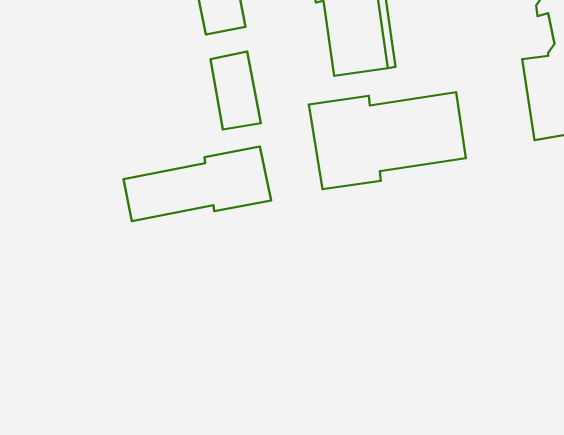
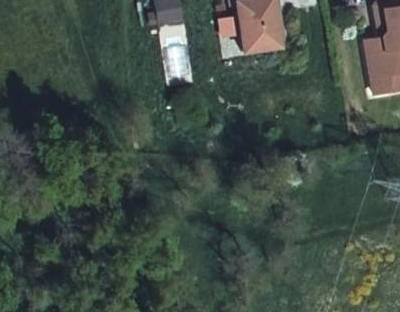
building: [309,92,466,189] -> none
building: [123,147,271,221] -> none

